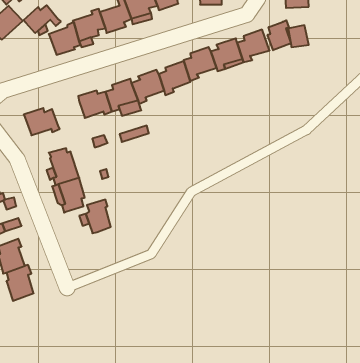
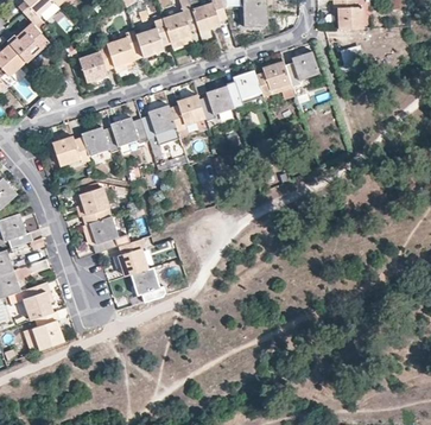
building: [23,5,61,33] -> none
building: [268,20,291,50] -> none
building: none -> [81,128,119,158]
building: none -> [131,266,165,300]

